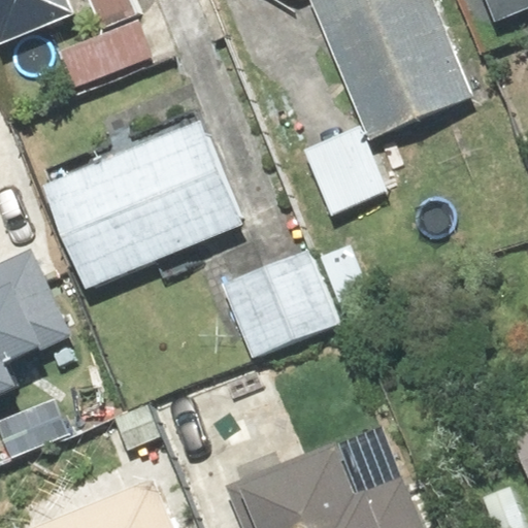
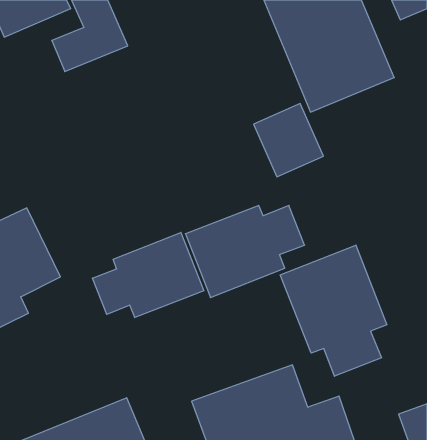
building: [47,120,243,289] -> none
building: none -> [92,232,204,318]
building: none -> [280,245,387,376]

